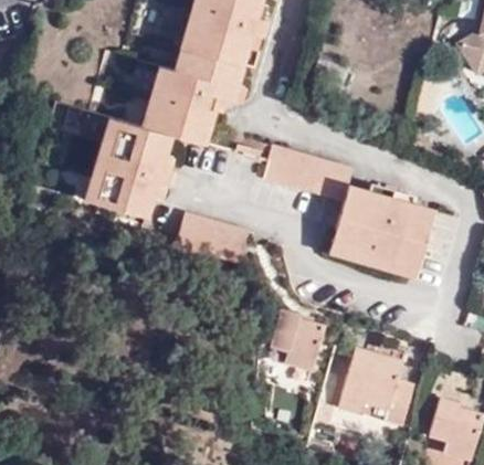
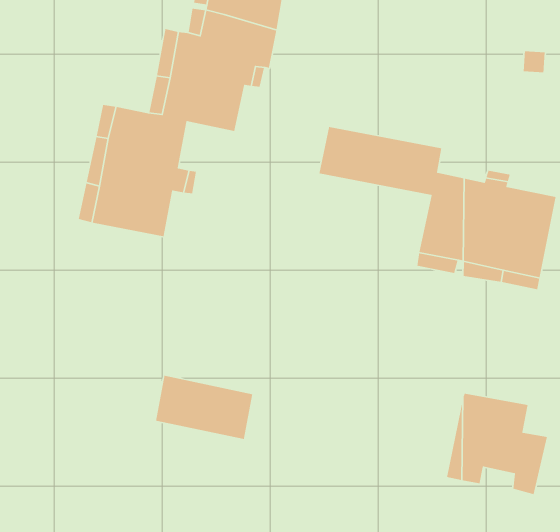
building: [176,213,249,265] -> [155,375,253,440]
building: [269,308,323,370] -> none

